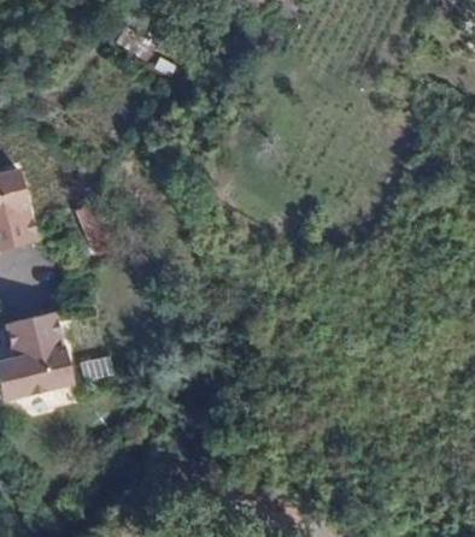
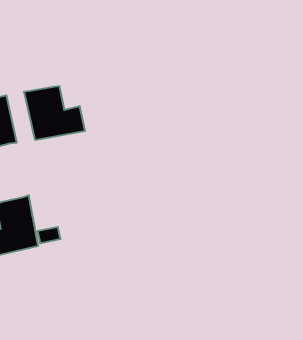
building: none -> [24,86,85,140]

